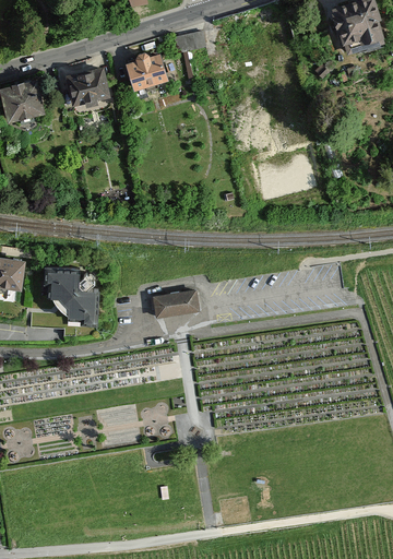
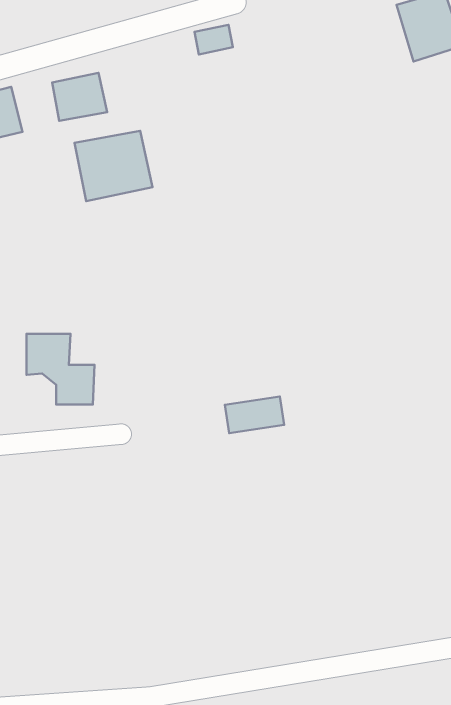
building: [124,51,166,88] -> none
building: none -> [75,131,153,201]
building: [153,292,199,320] -> [225,396,284,433]

